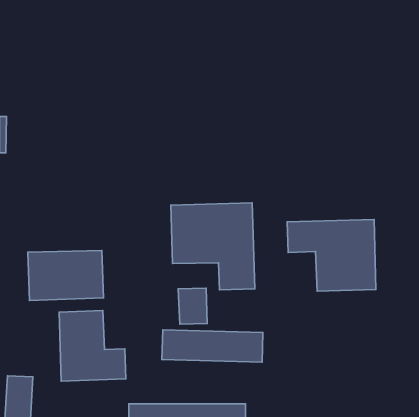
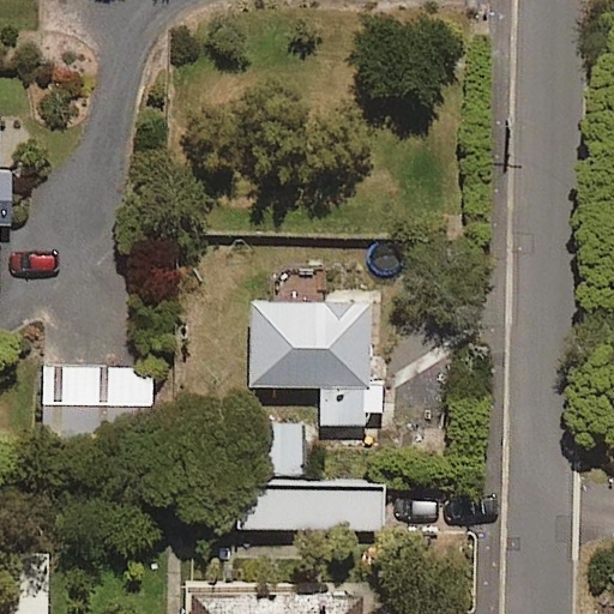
building: [287,219,376,291] -> none
building: [59,311,126,381] -> none

